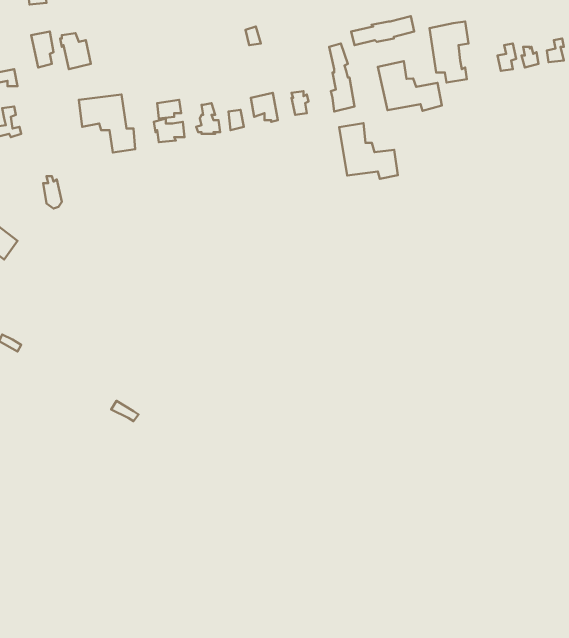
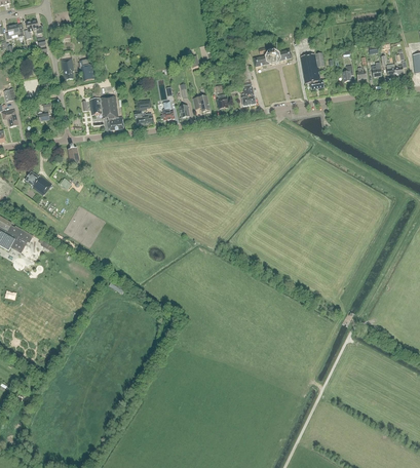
building: [378,61,442,111] -> none
building: [339,123,398,179] -> none

